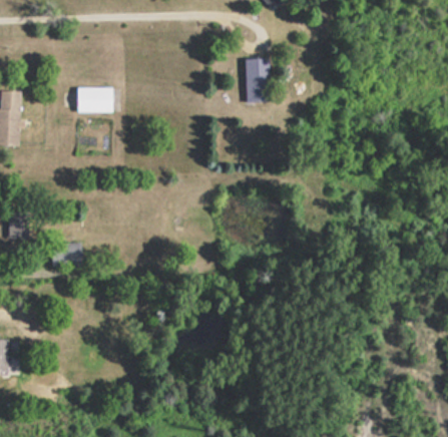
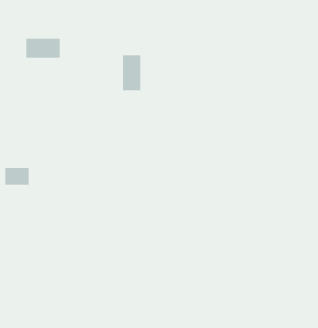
building: [246,58,269,102] -> [122,54,141,91]

